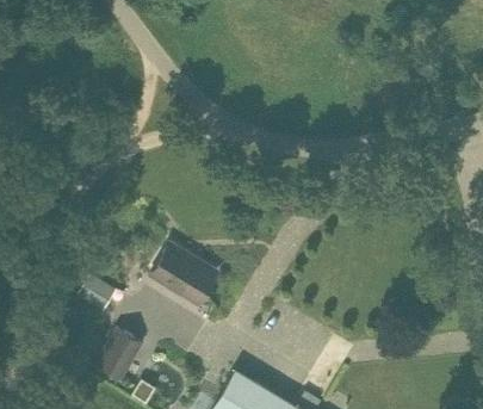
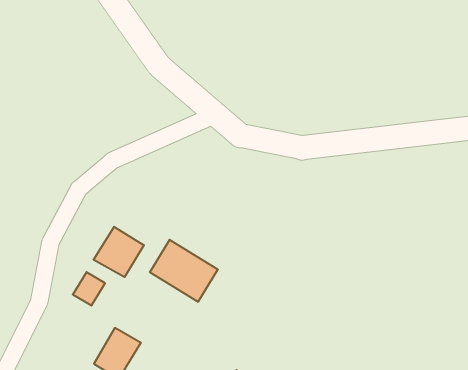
building: none -> [94,227,144,277]

